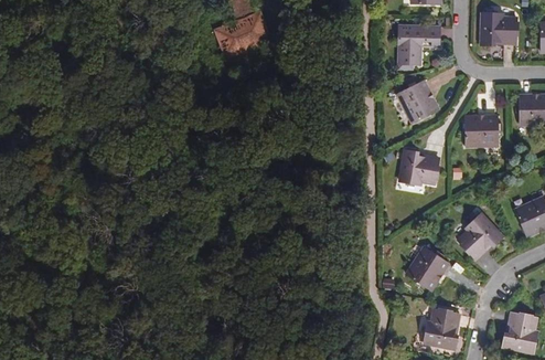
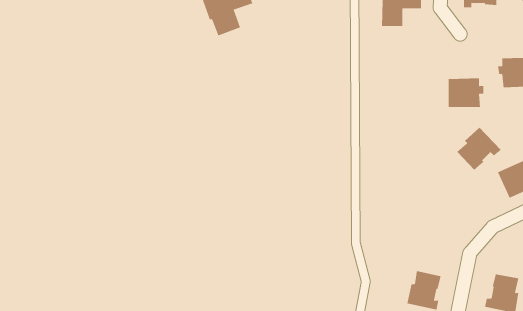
building: [397,80,439,123] -> none
building: [399,149,439,184] -> none
building: [458,213,503,257] -> [457,127,502,170]
building: [406,246,449,290] -> none

